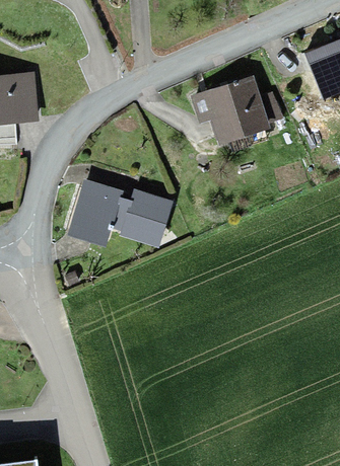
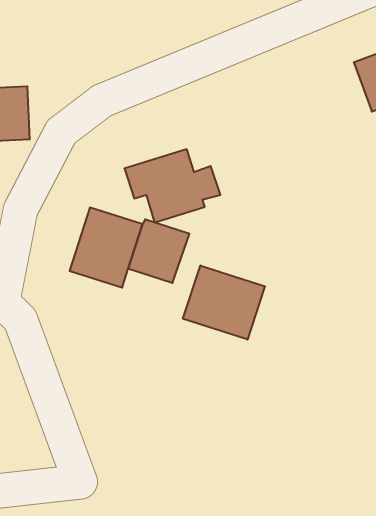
building: [198,78,279,140] -> [124,149,220,222]
building: none -> [183,265,265,340]

